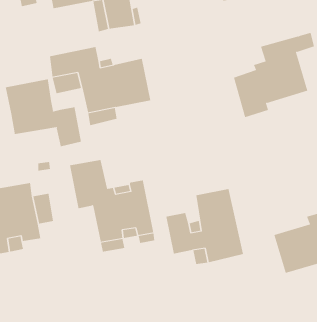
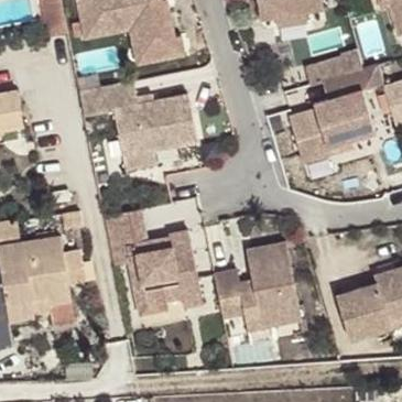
building: none -> [306,47,365,84]
building: [5,79,82,147] -> none

